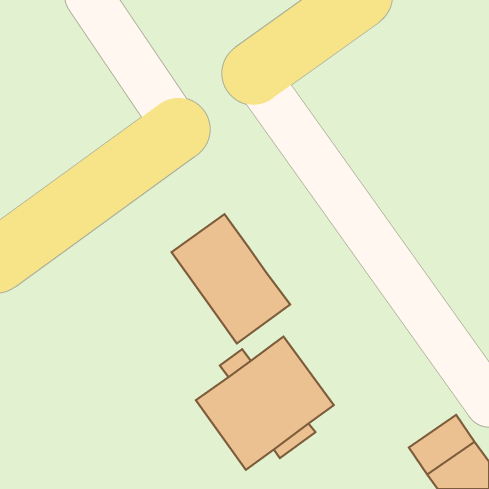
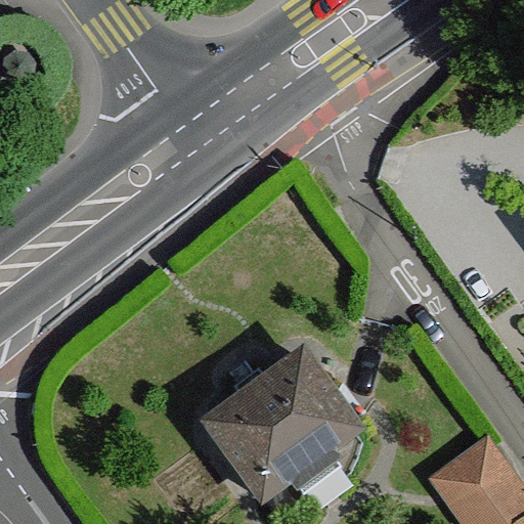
building: [172,214,290,343] -> none

